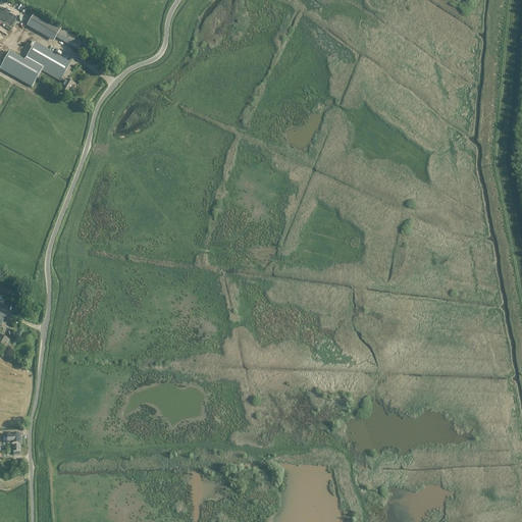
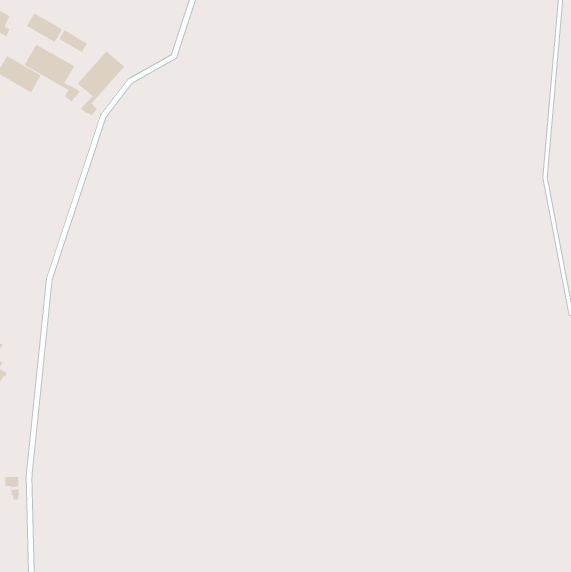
building: none -> [77,50,125,117]

